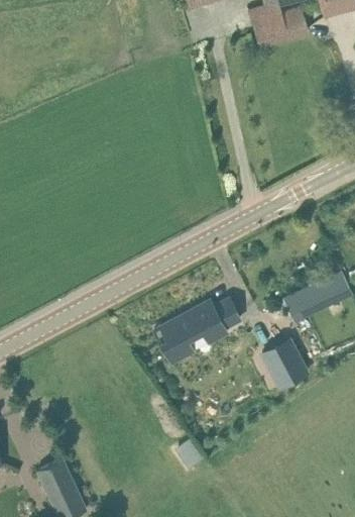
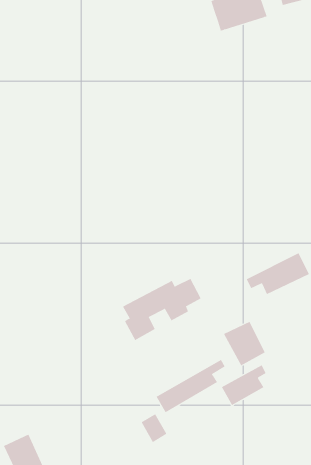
building: none -> [156,359,226,413]
building: none -> [221,365,267,406]

